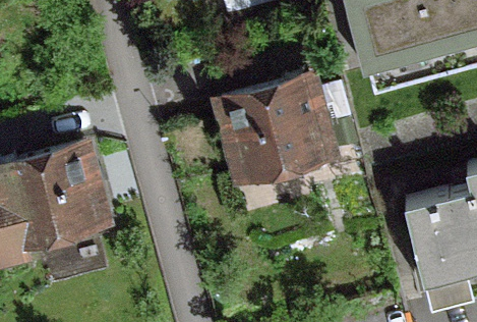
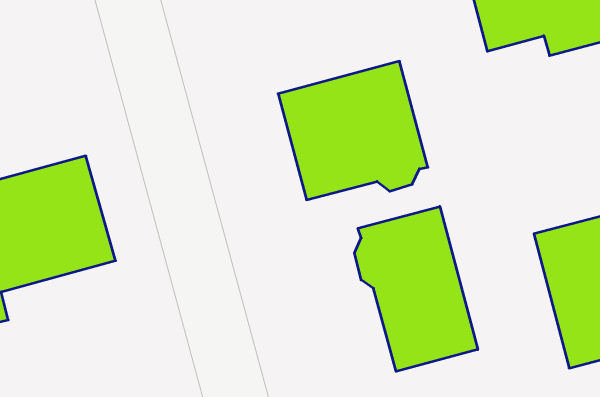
building: none -> [355,206,478,371]

